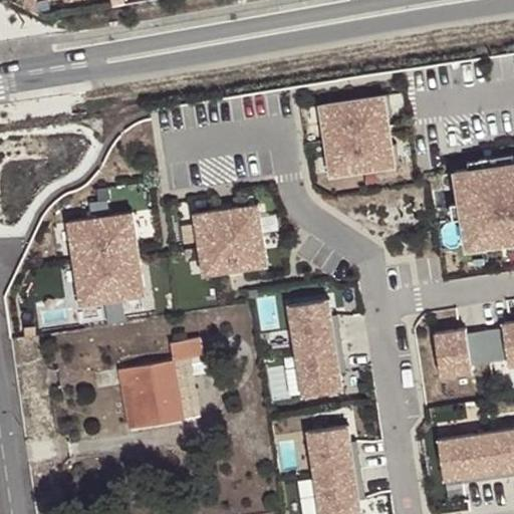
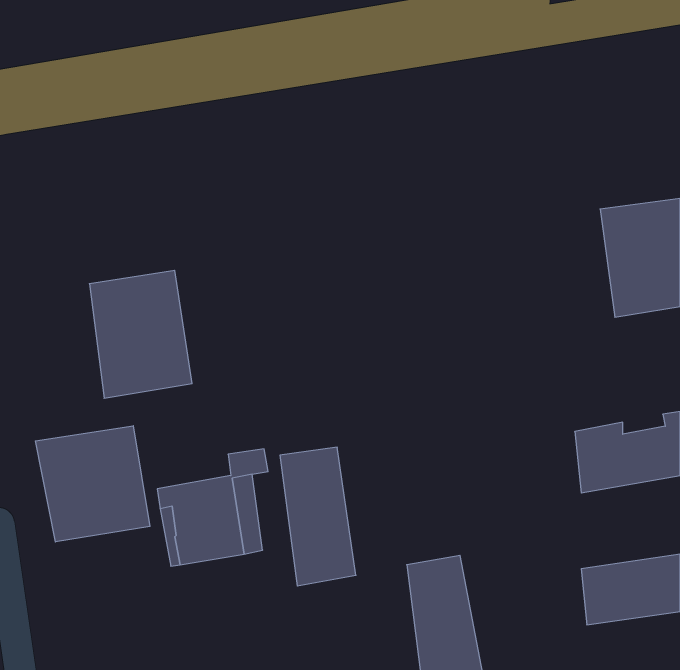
building: [318,97,397,174] -> none
building: [193,203,268,276] -> none
building: [286,297,343,402] -> [280,447,356,586]
building: none -> [35,426,150,542]

